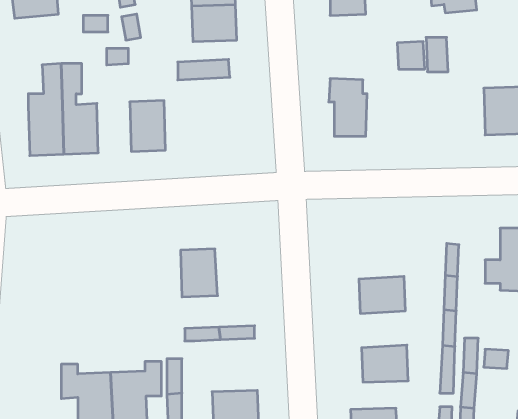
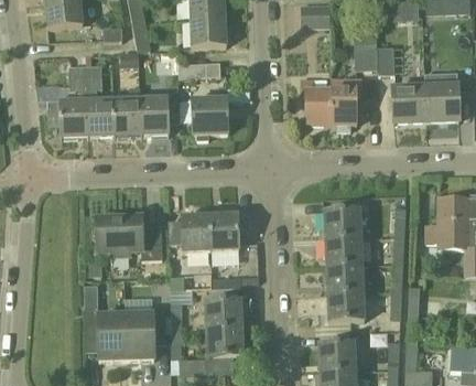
building: none -> [329,78,361,130]
building: none -> [391,85,425,124]
building: none -> [113,87,141,137]
building: none -> [192,97,227,140]
building: none -> [323,208,360,238]
building: none -> [208,214,238,251]
building: none -> [96,217,162,259]
building: none -> [325,264,363,293]
building: none -> [205,300,242,329]

